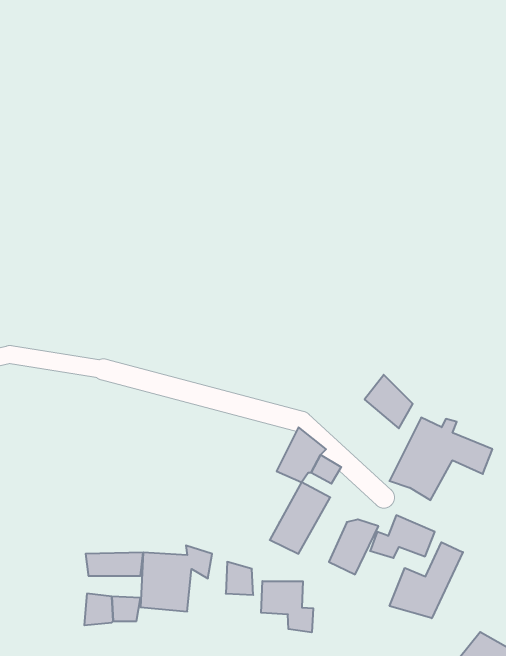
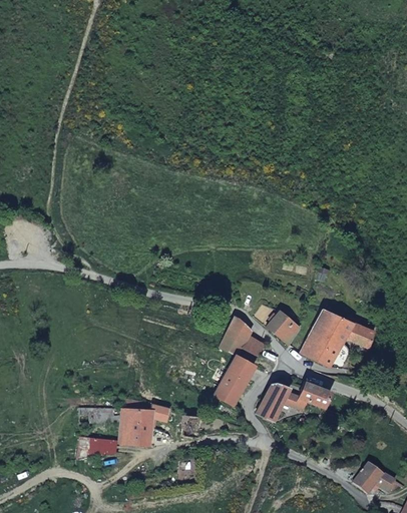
building: [365,375,413,428] -> [265,308,300,347]
building: [390,542,463,618] -> none
building: [261,581,313,632] -> none

